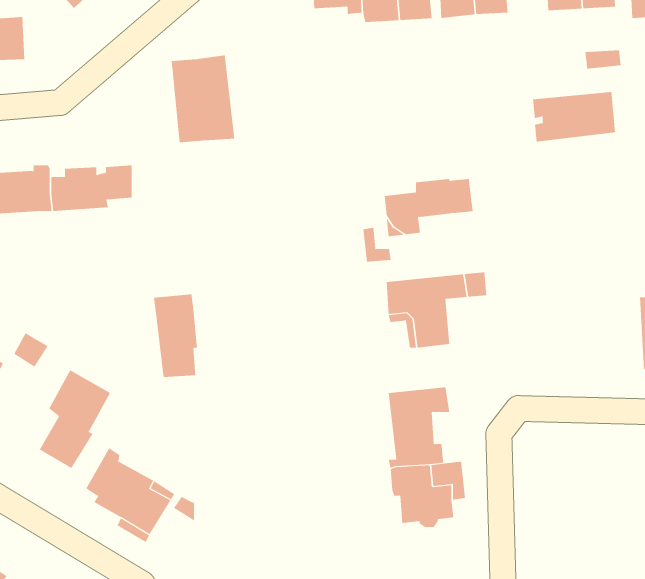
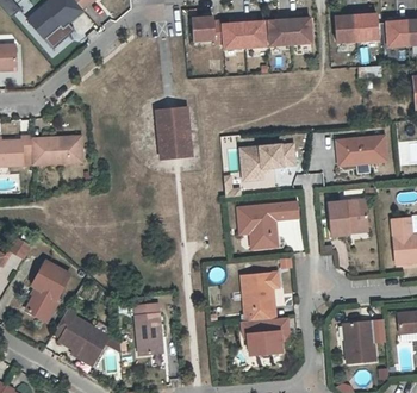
building: [171,55,235,143] -> [154,105,193,158]
building: [532,91,616,142] -> [336,136,387,167]
building: none -> [328,198,367,235]
building: [153,294,198,378] -> [135,302,162,354]
building: none -> [344,320,375,362]

